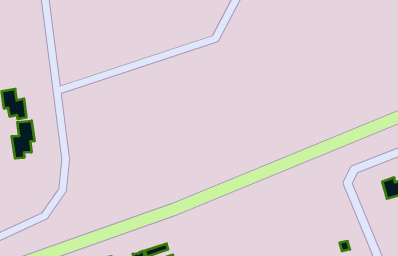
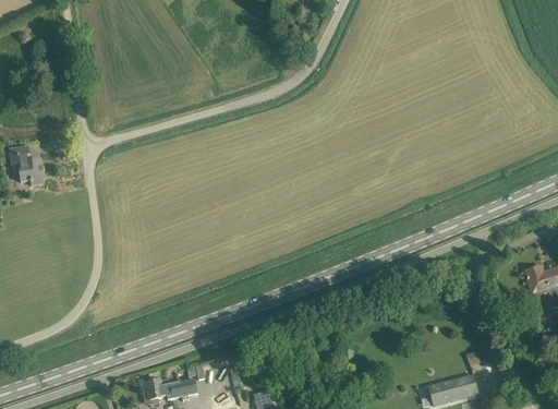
building: [12,121,34,158] -> none

